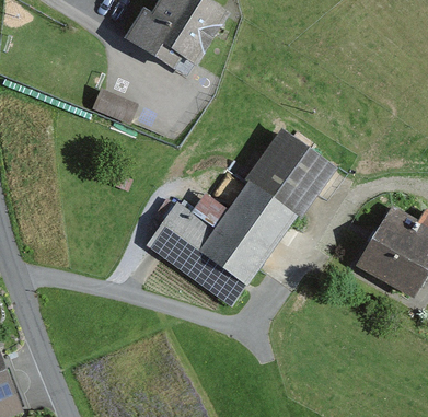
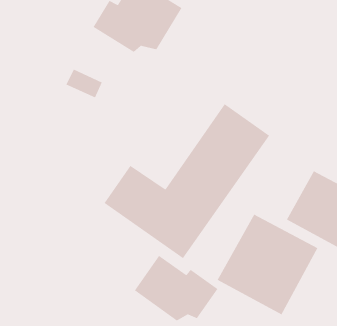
building: none -> [216,213,318,315]
building: none -> [134,255,218,321]

